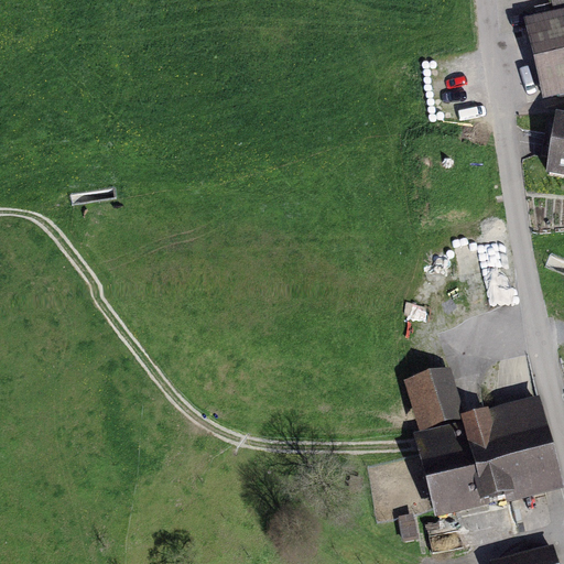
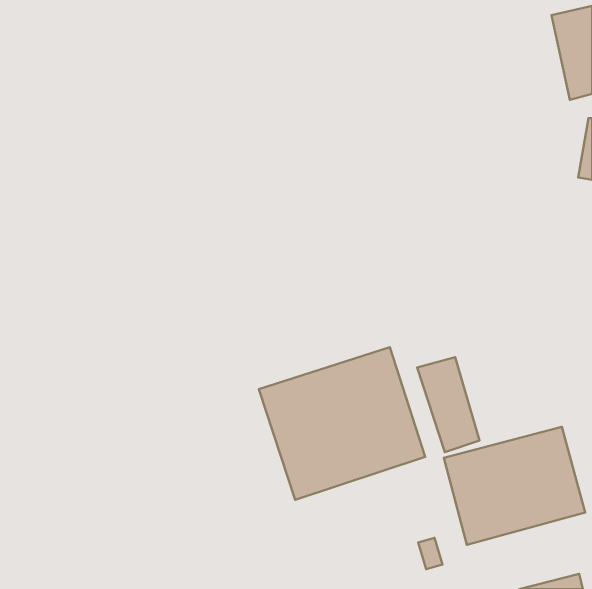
building: none -> [259,347,425,500]

